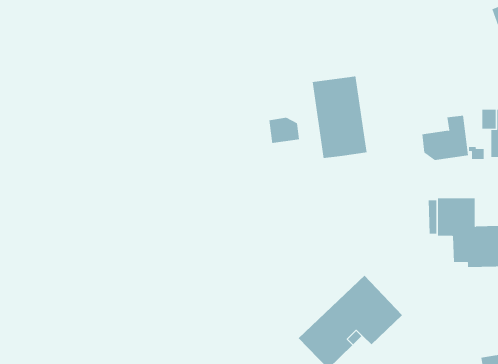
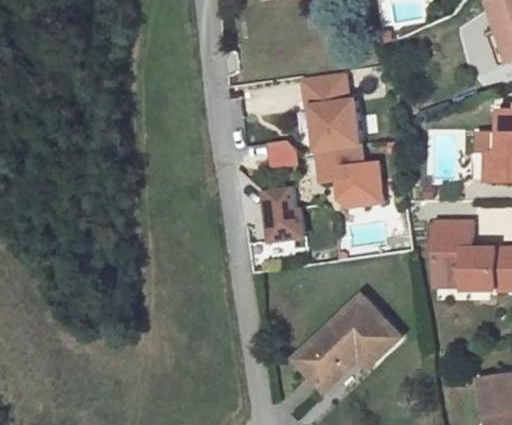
building: none -> [302,72,348,107]
building: [421,115,469,160] -> [339,161,386,206]
building: none -> [261,187,302,243]

